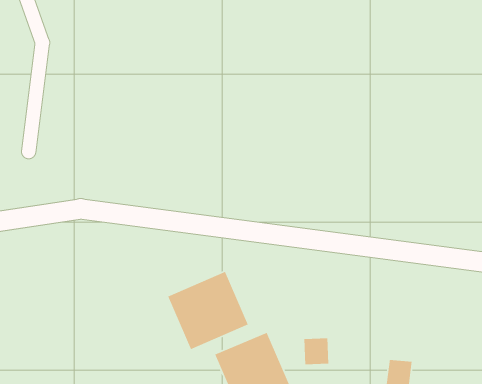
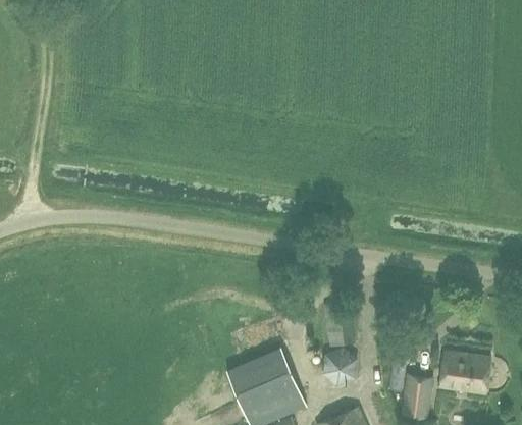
building: [167,271,249,350] -> none
building: none -> [440,351,491,392]

